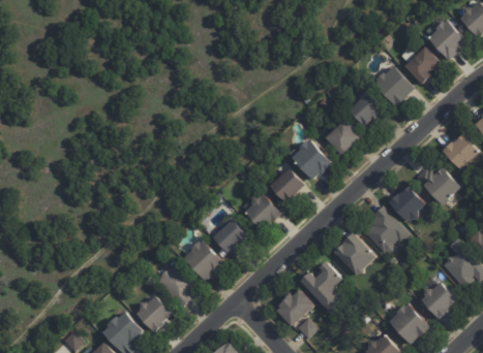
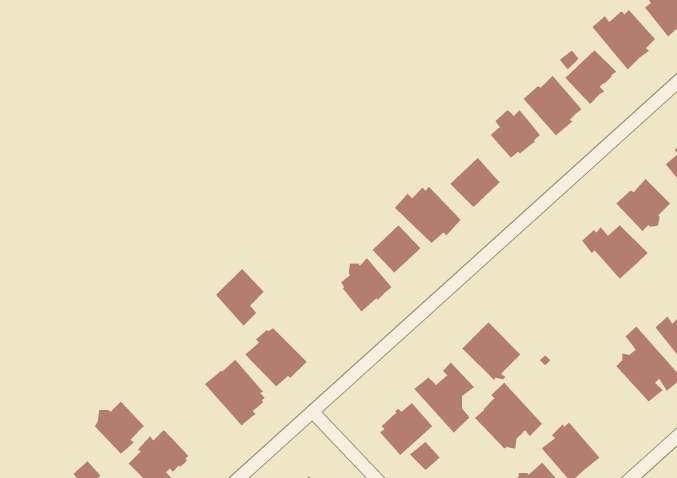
building: [387,185,429,222] -> none
building: [362,204,410,251] -> [474,382,543,449]
building: [212,217,246,257] -> [215,268,265,326]
building: [420,283,457,320] -> none
building: [135,295,171,332] -> [94,401,145,454]

